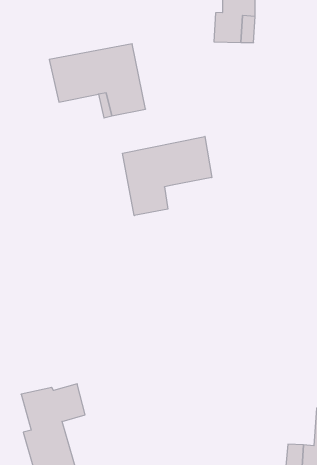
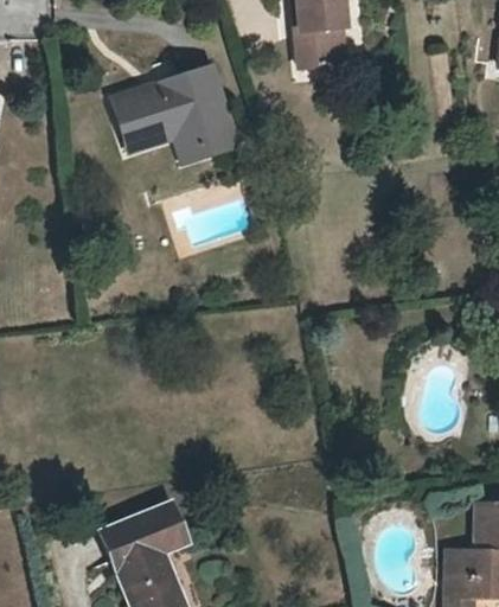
building: [123,136,212,216] -> none

